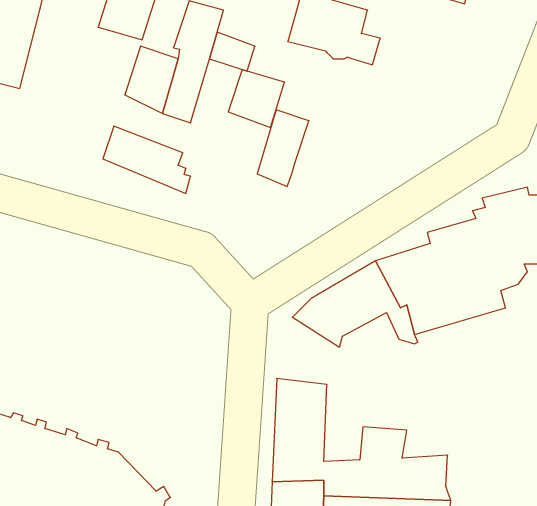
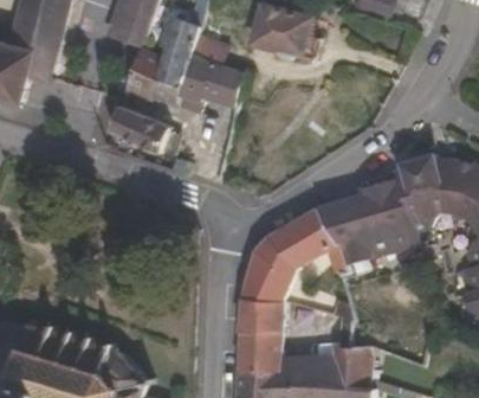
building: [257,110,309,187] -> [176,56,215,114]
building: none -> [241,251,343,313]

